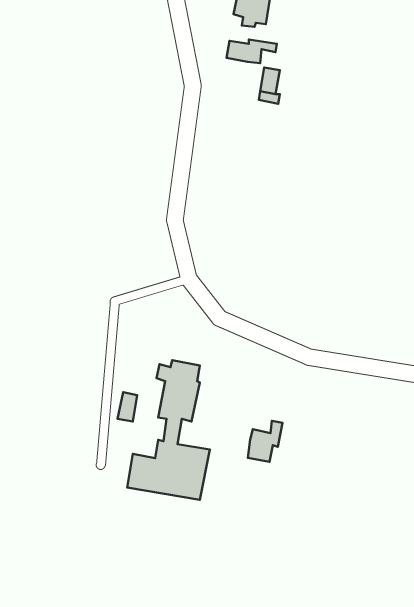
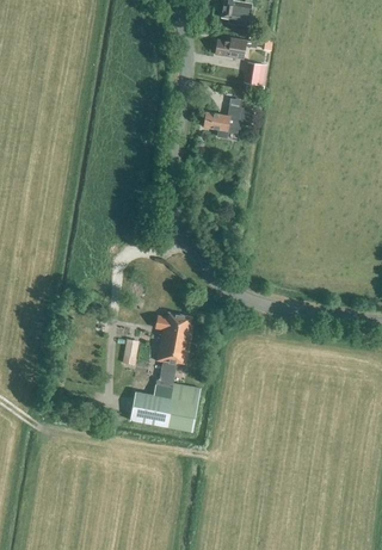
building: none -> [203,97,253,137]
building: [248,421,283,462] -> none

